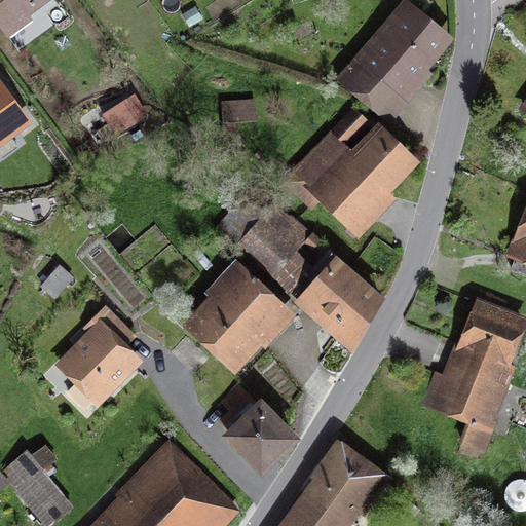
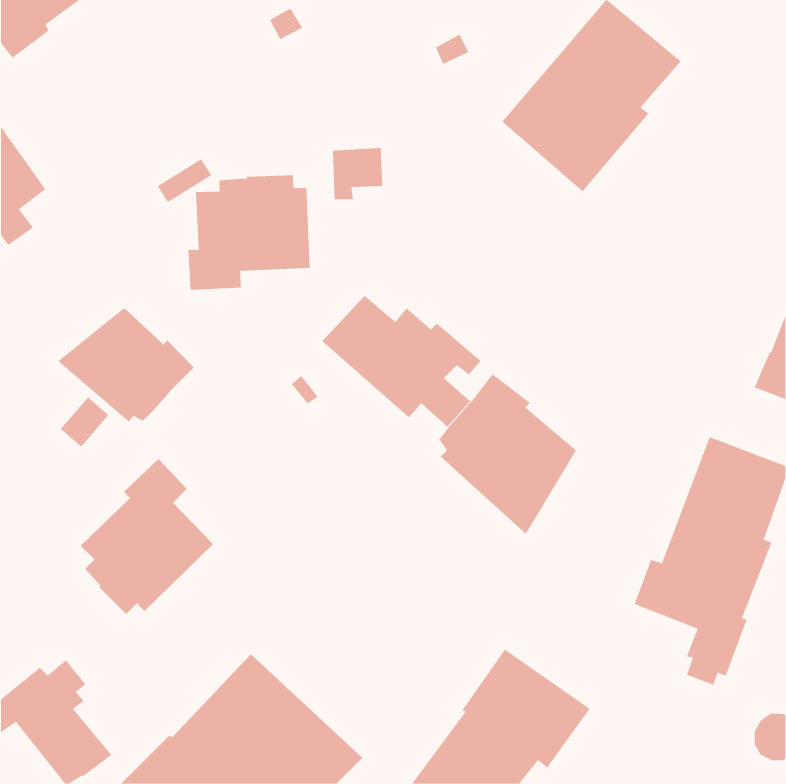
building: [280,107,420,241] -> none
building: none -> [188,175,310,291]
building: none -> [57,307,194,423]
building: [181,261,296,377] -> none
building: [218,381,301,471] -> none

